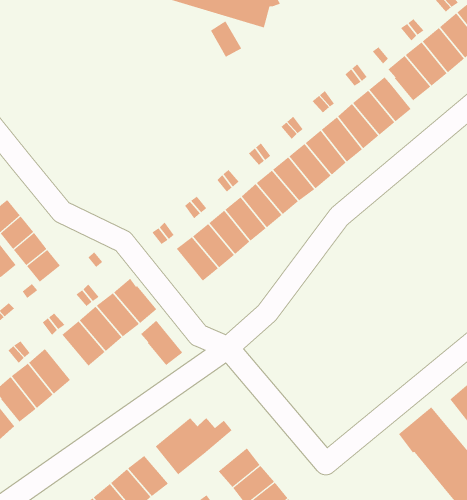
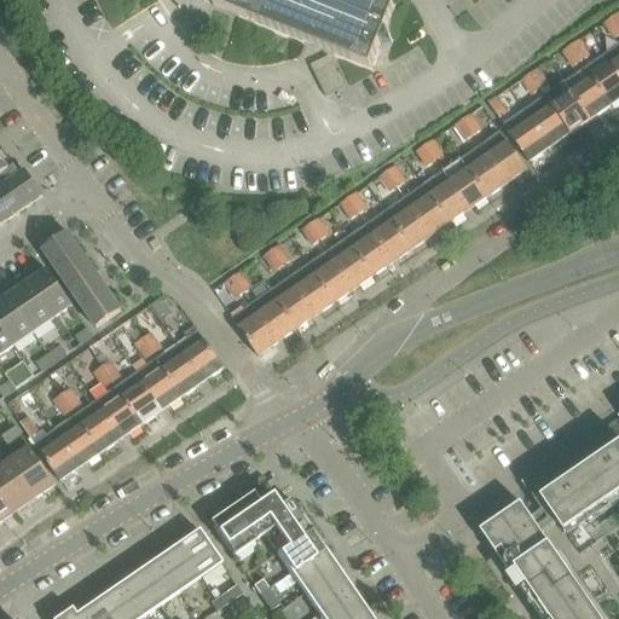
building: [140,320,183,366] -> [232,301,278,353]
building: none -> [97,386,143,436]
building: none -> [264,508,312,553]

